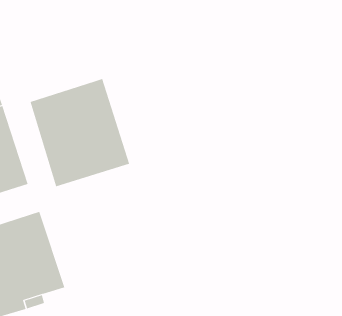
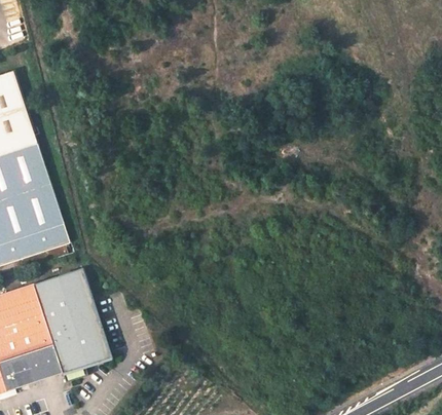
building: [30,78,130,187] -> none

